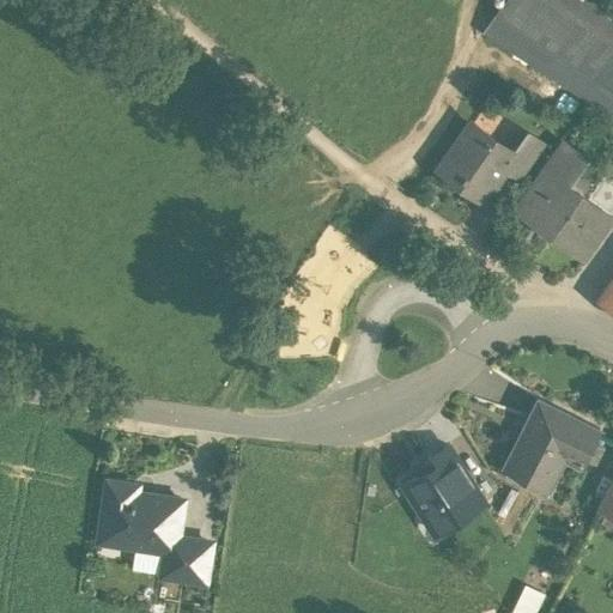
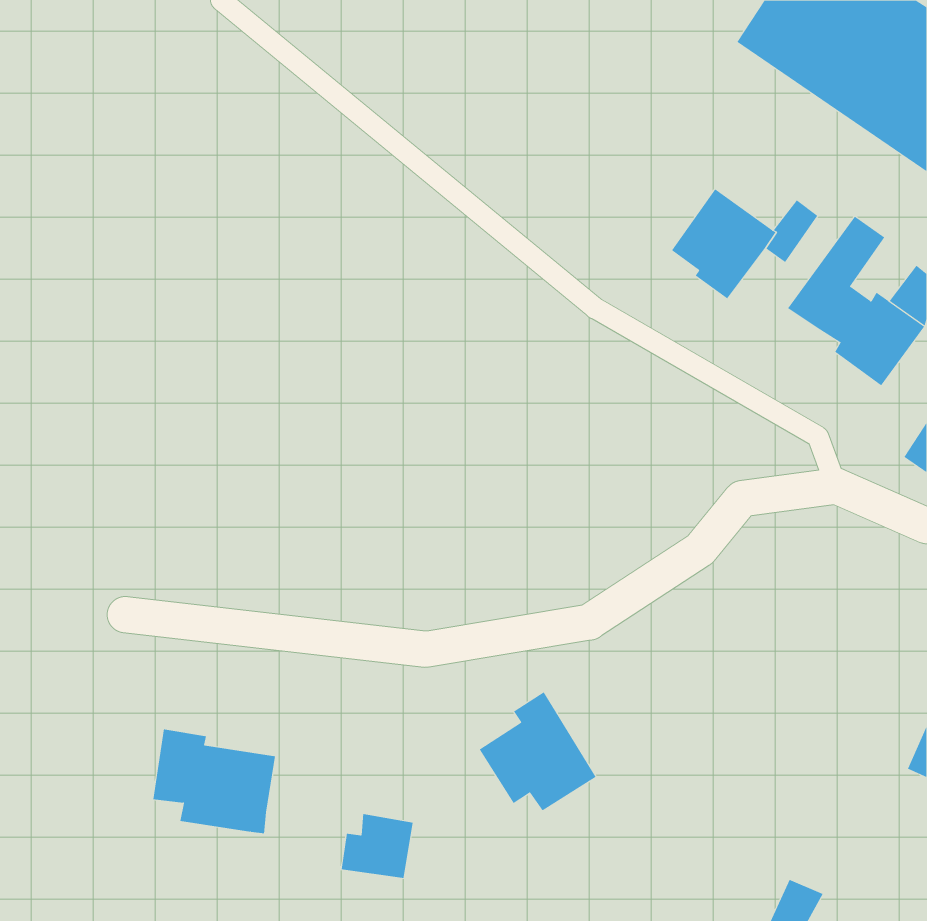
building: [506,402,599,492] -> none
building: [405,449,482,528] -> [479,692,597,811]
building: [162,540,210,583] -> [341,813,413,879]

